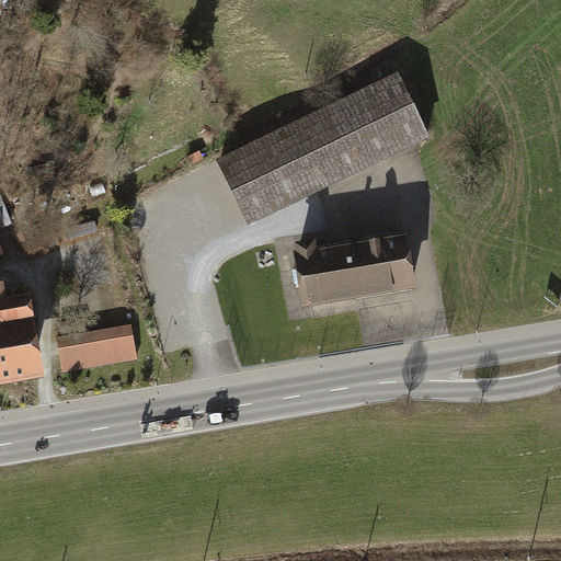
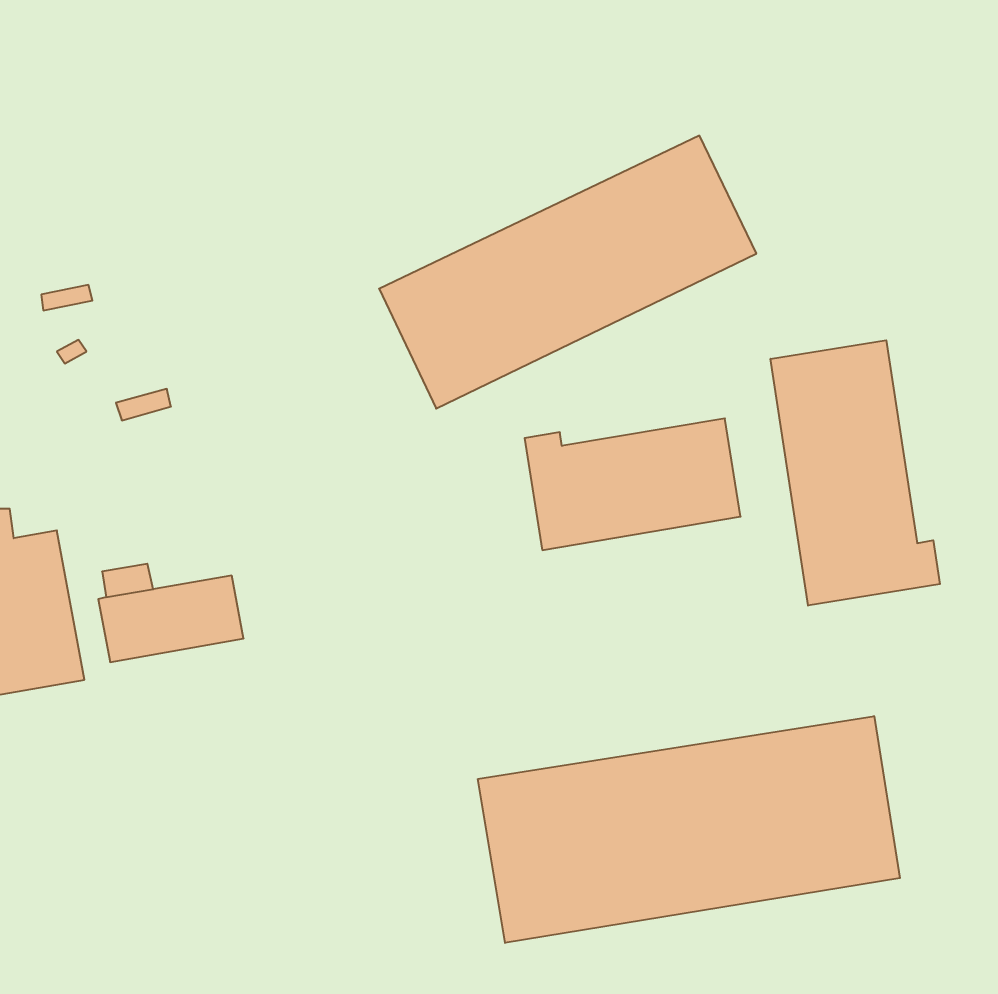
building: none -> [771,340,940,606]
building: none -> [478,716,900,943]

